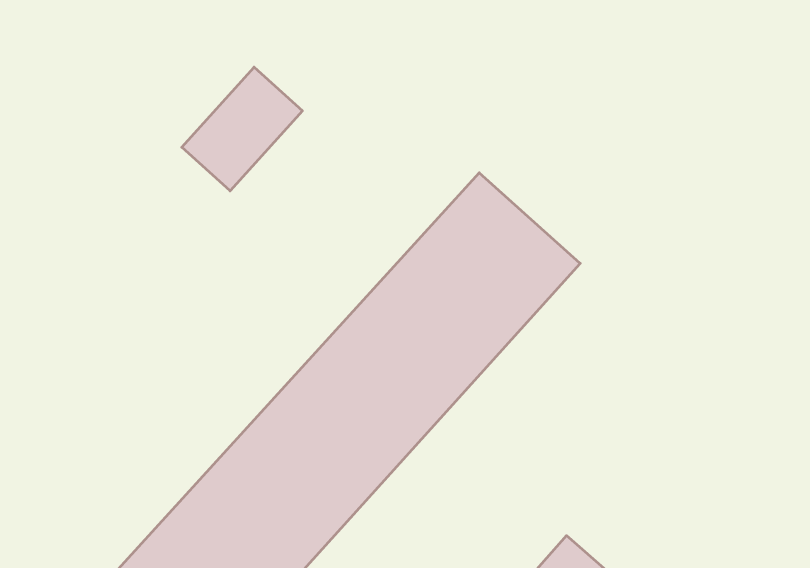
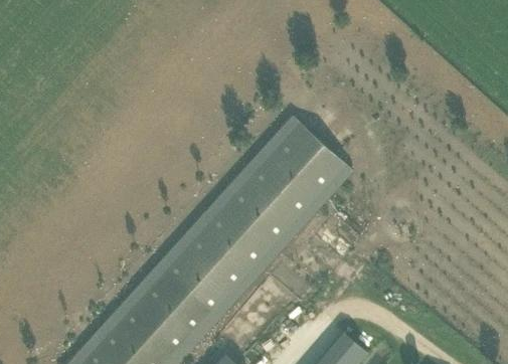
building: [182,67,302,191] -> none

